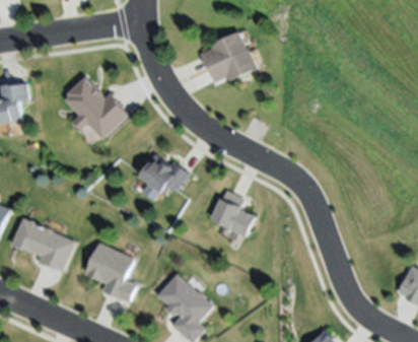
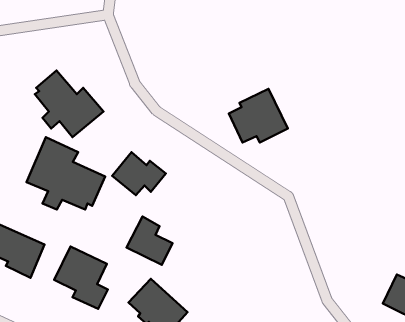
building: [201,30,257,81] -> [229,89,288,142]
building: none -> [26,137,105,209]
building: [211,190,255,235] -> [126,216,173,265]

